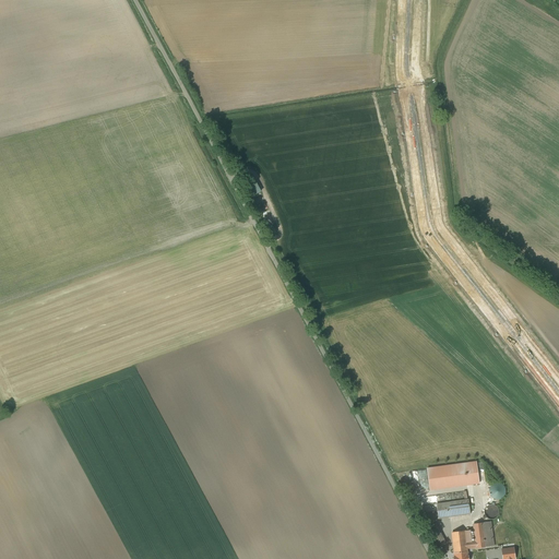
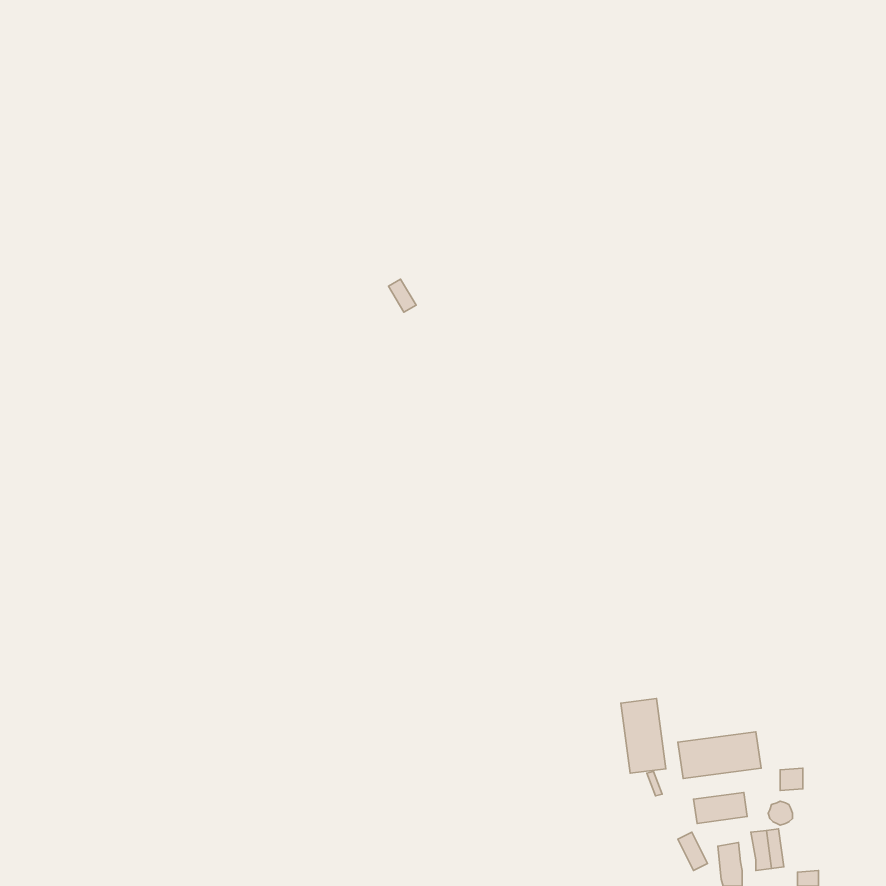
building: none -> [621,699,666,773]

